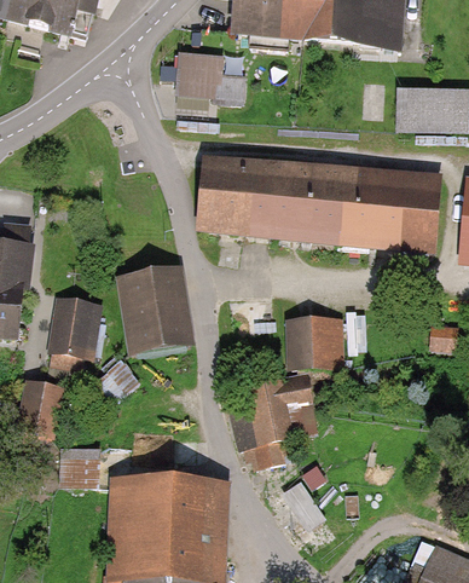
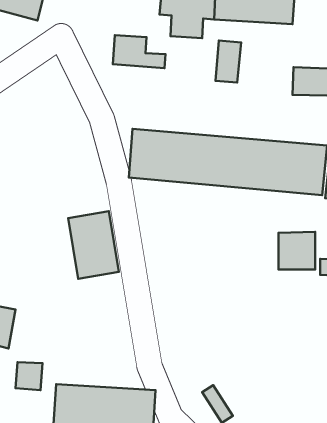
building: none -> [216,41,241,83]
building: [51,302,91,369] -> none
building: [296,321,341,366] -> [279,232,315,270]
building: [232,376,313,468] -> none

